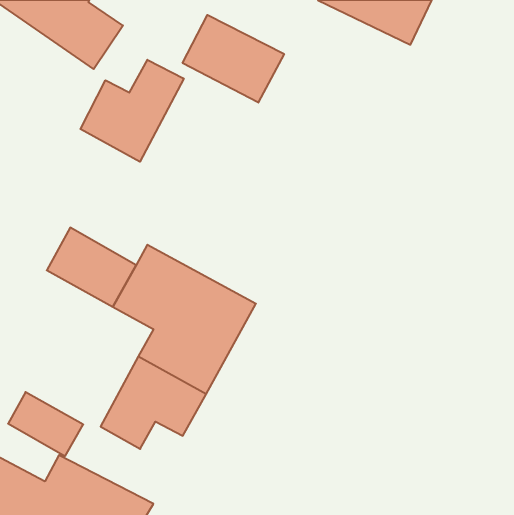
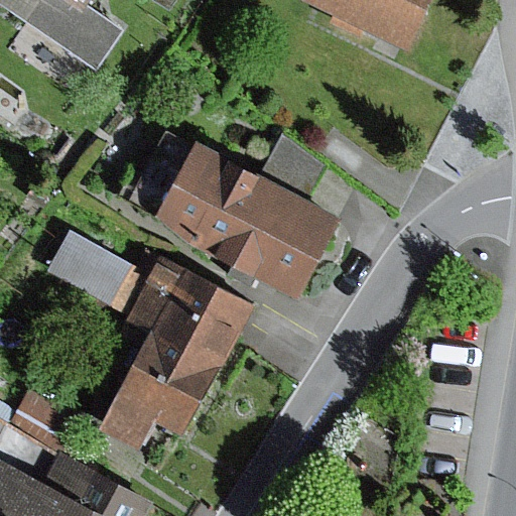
building: [183,15,284,103] -> none
building: [80,60,184,162] -> none
building: none -> [117,130,338,292]

